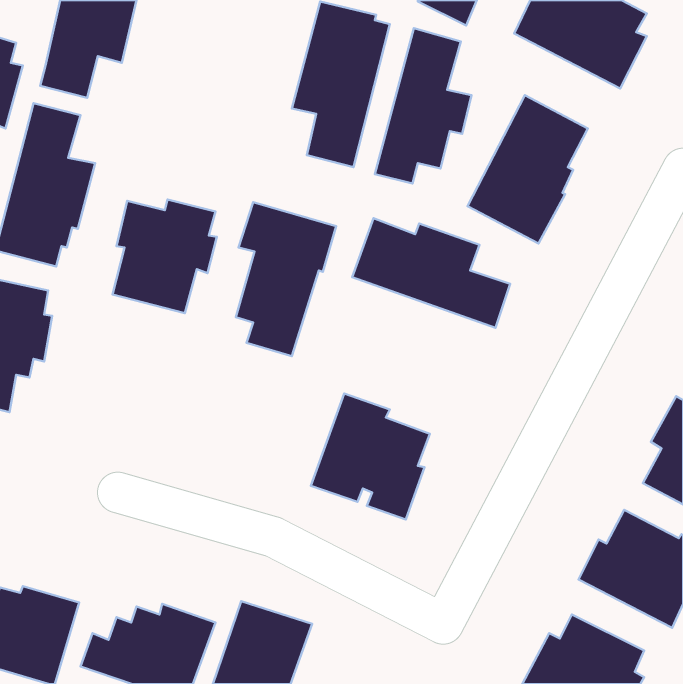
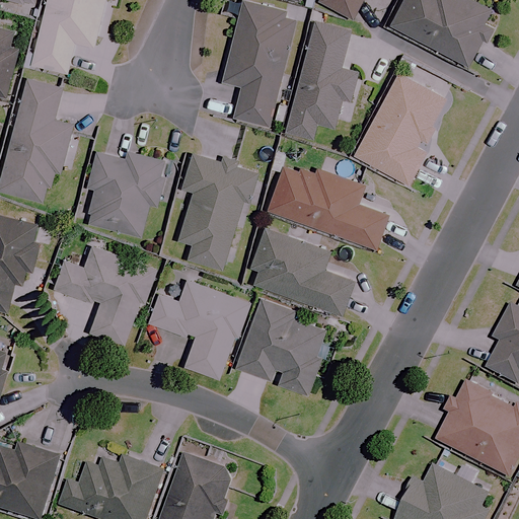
building: none -> [251,228,352,314]
building: none -> [54,245,156,345]
building: none -> [149,279,248,378]

